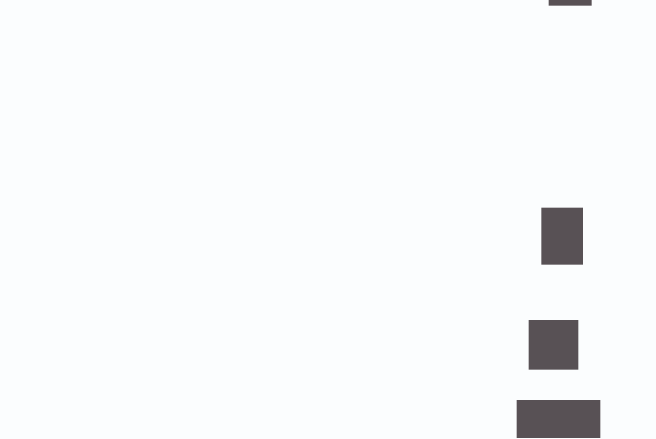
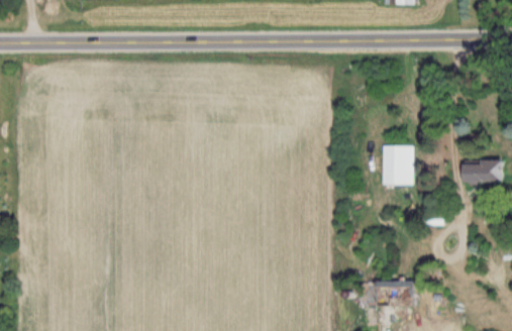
building: [528,319,579,370] -> none

